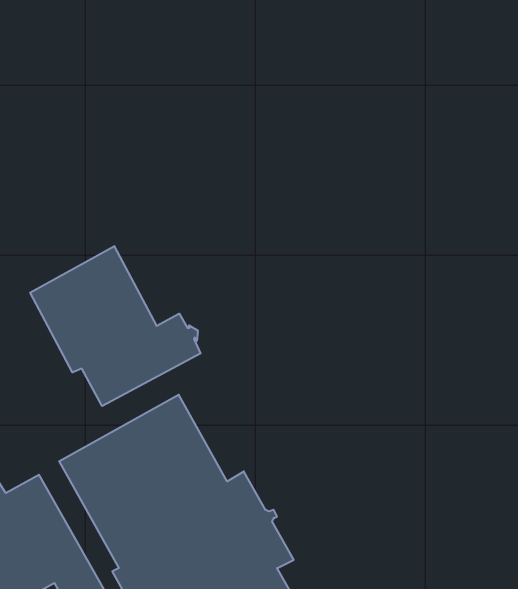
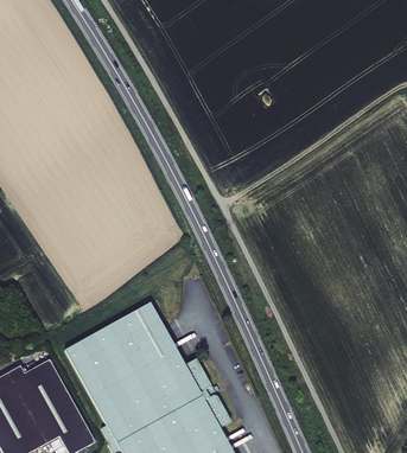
building: [30,246,200,406] -> none

